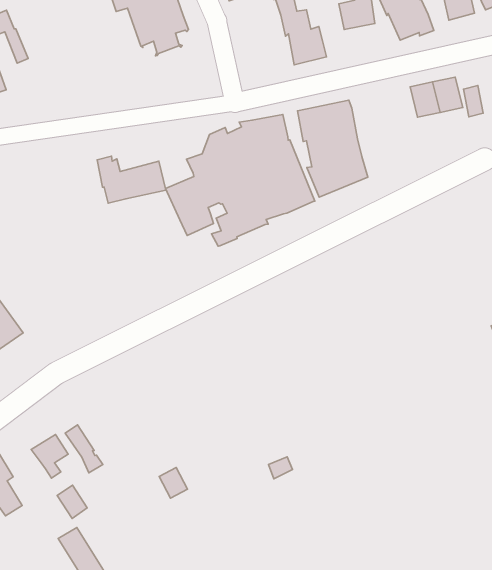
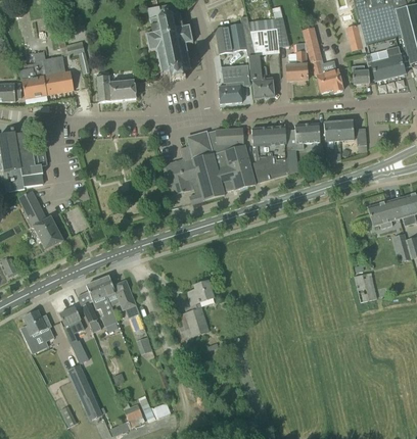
building: none -> [218,65,250,103]
building: none -> [285,123,320,149]
building: [97,156,166,203] -> [96,72,136,101]
building: none -> [178,280,213,336]
building: none -> [86,275,135,326]

